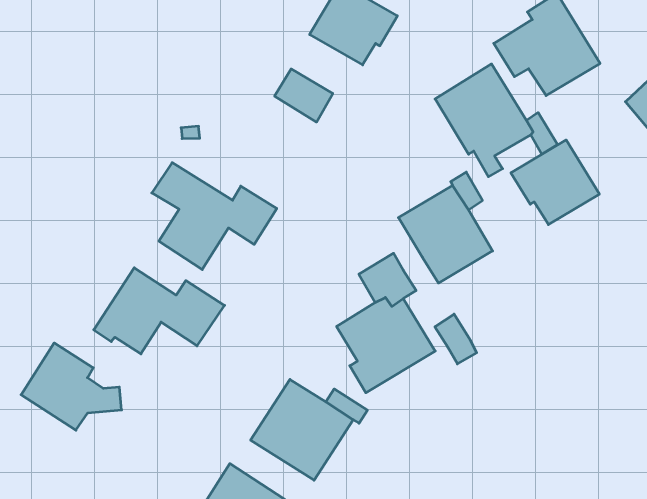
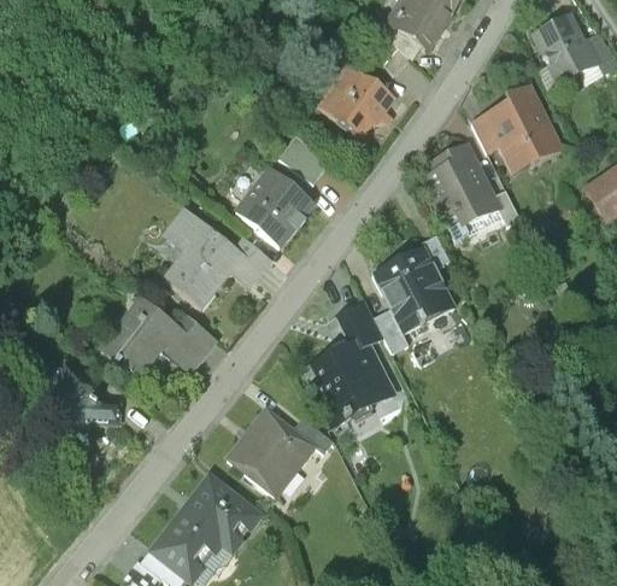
building: none -> [230,164,312,245]
building: [511,140,599,225] -> none
building: [435,314,477,364] -> [377,311,412,356]

